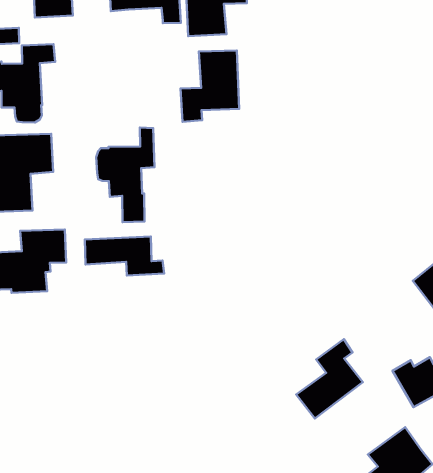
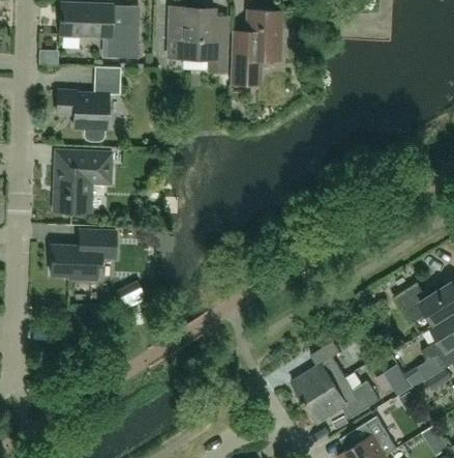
building: [180,51,239,122] -> none
building: [96,128,155,222] -> none
building: [85,236,164,275] -> none
building: none -> [305,377,380,424]

